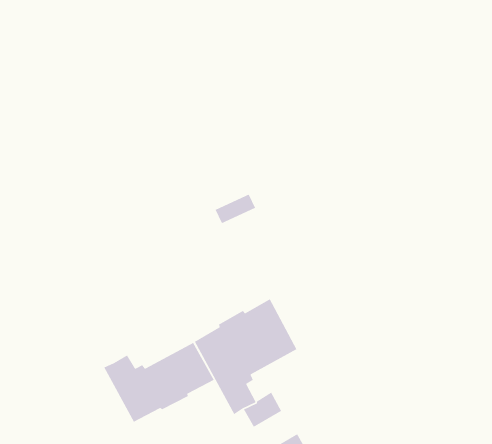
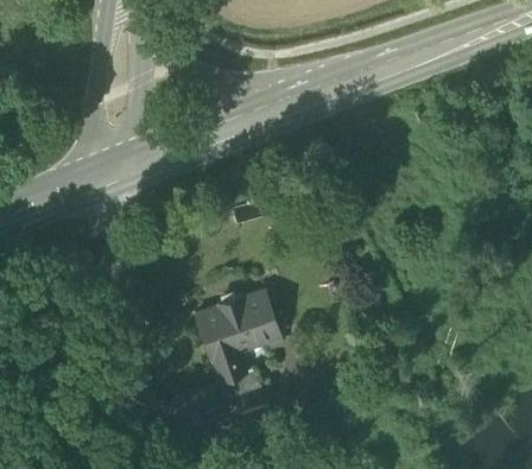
building: [103,342,215,423] -> none

